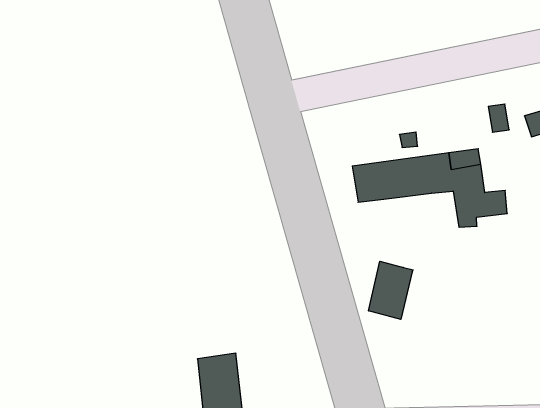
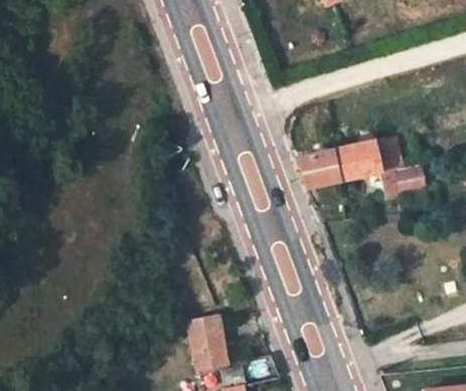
building: [369,261,413,319] -> none

